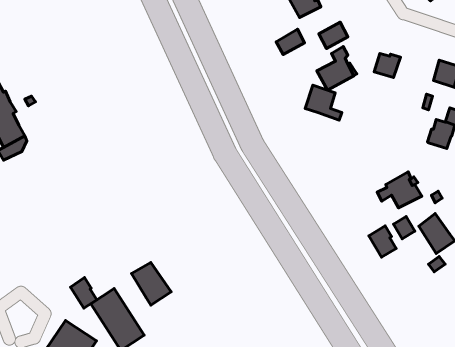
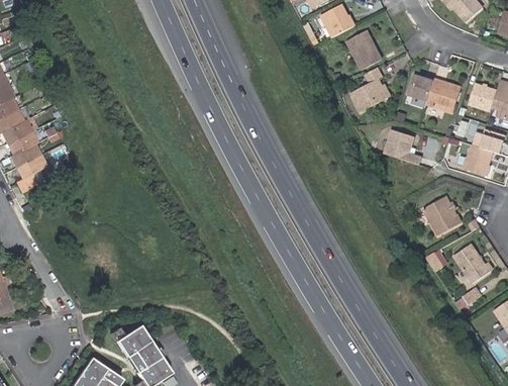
building: [276,29,304,55] -> [344,29,374,56]
building: none -> [428,78,464,113]
building: [305,85,342,120] -> [385,128,423,165]
building: [369,226,396,257] -> none
building: [131,262,171,305] -> none
building: [70,277,97,308] -> none

